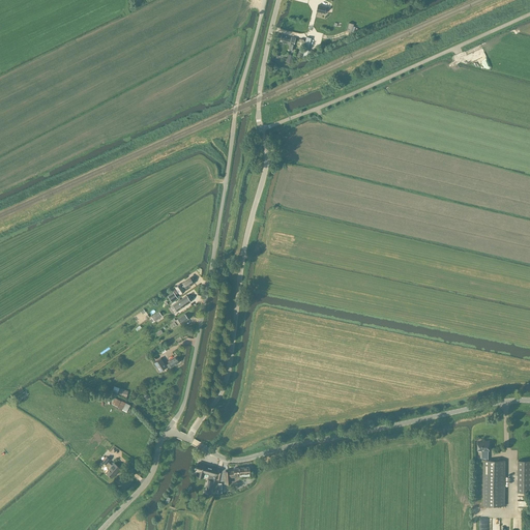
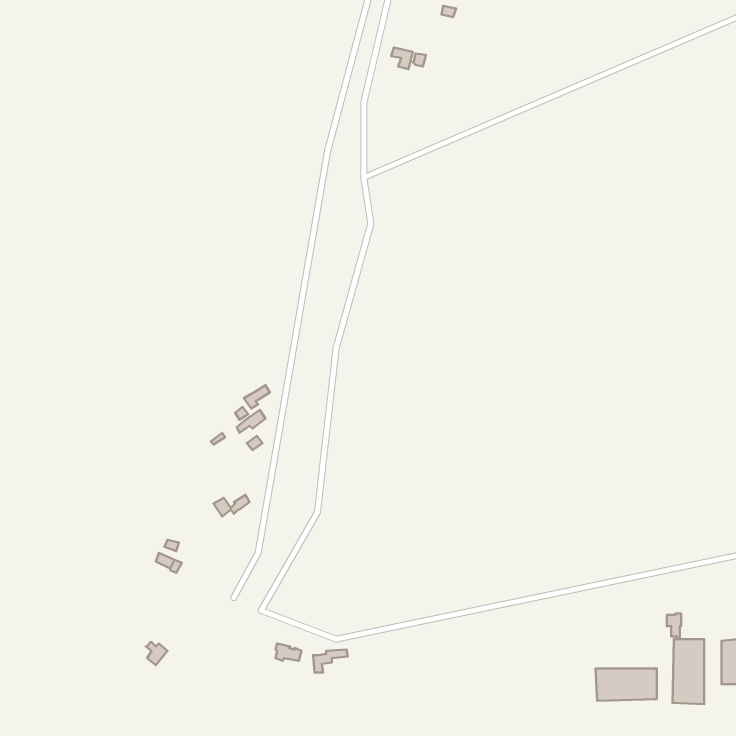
building: none -> [596,668,657,701]

